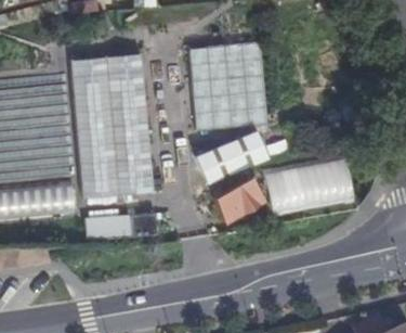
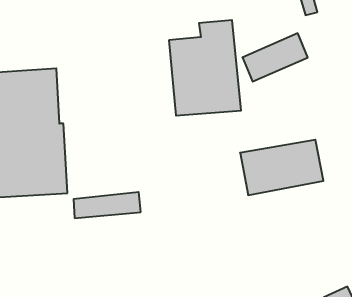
building: [70,52,155,197] -> none
building: [196,129,266,181] -> [242,33,308,82]
building: [213,175,261,219] -> none

